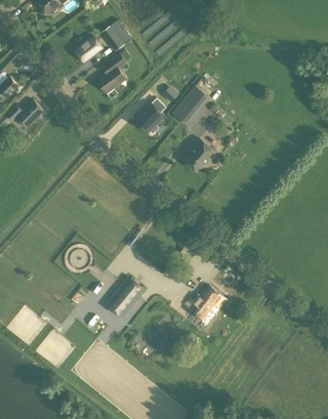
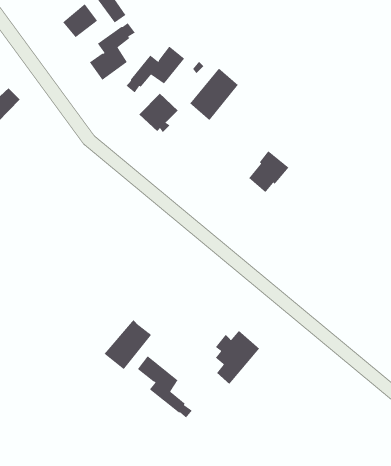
building: none -> [126,46,185,94]
building: [183,138,215,171] -> [248,150,290,193]
building: none -> [137,355,193,419]

